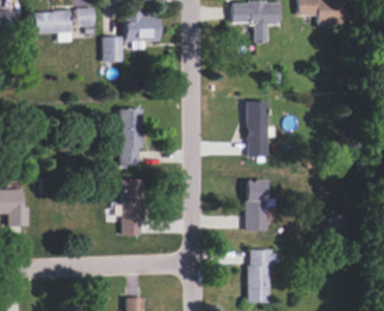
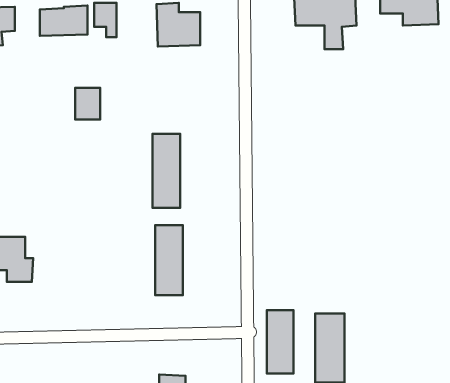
building: [102,35,122,60] -> [75,88,100,120]
building: [247,101,270,157] -> none
building: [247,181,267,230] -> [267,310,293,374]

